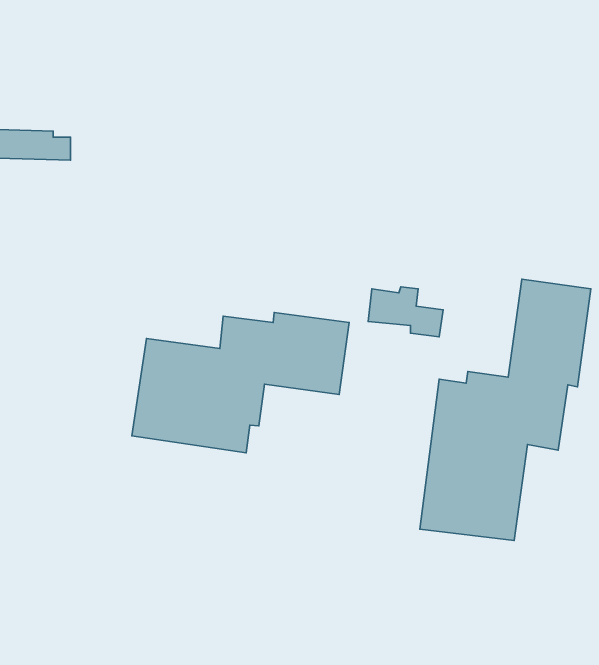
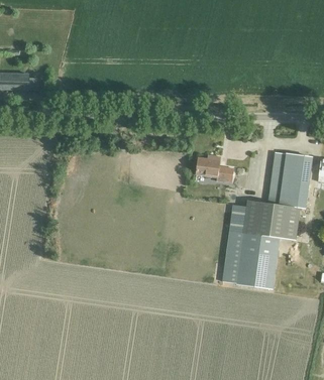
building: [132,312,349,453] -> none

